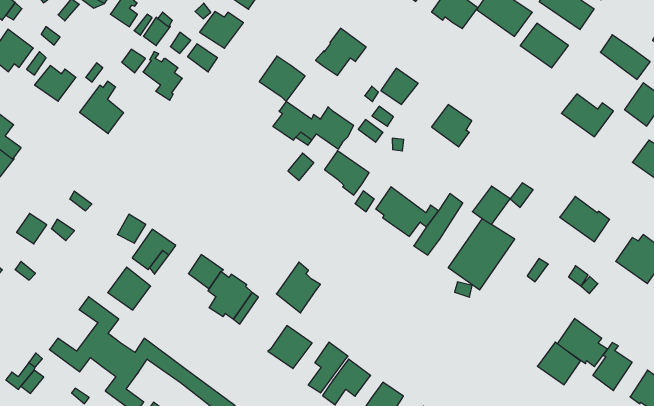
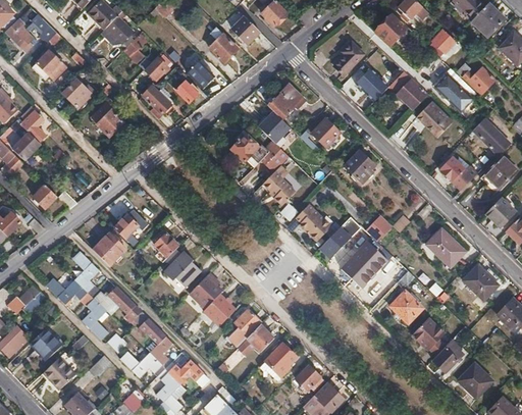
building: [259,56,305,102] -> [258,110,292,144]
building: [276,262,320,313] -> [190,271,222,308]
building: [537,342,581,385] -> [390,291,422,322]

